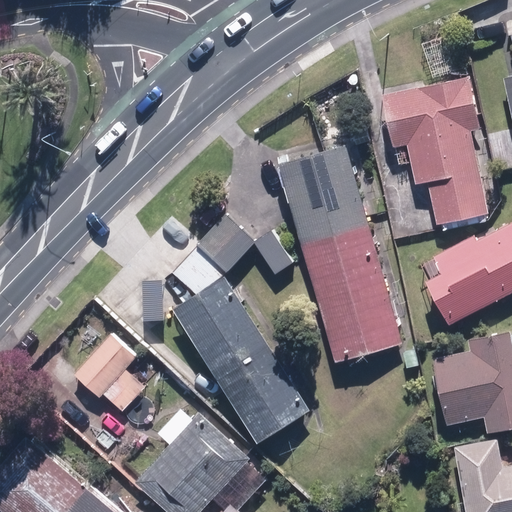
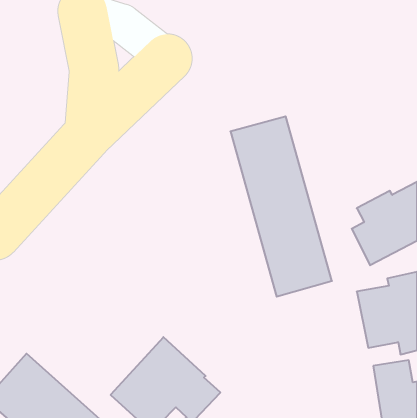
building: [380,79,486,225] -> none
building: [172,217,309,443] -> none
building: [73,335,142,413] -> none

